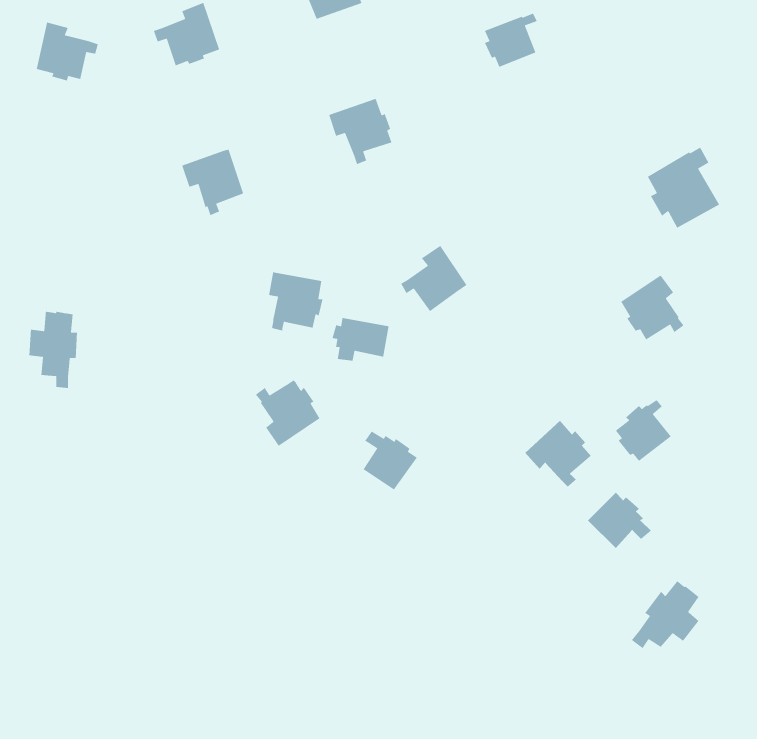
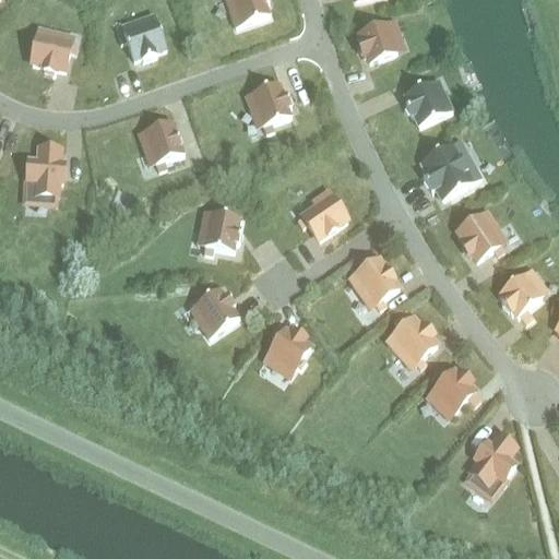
building: none -> [403,73,451,123]
building: [647,146,720,229] -> [419,136,473,197]
building: [29,311,78,389] -> [26,144,62,201]
building: [332,317,389,362] -> none
building: none -> [348,257,397,306]
building: [615,399,672,462] -> [500,270,542,316]

